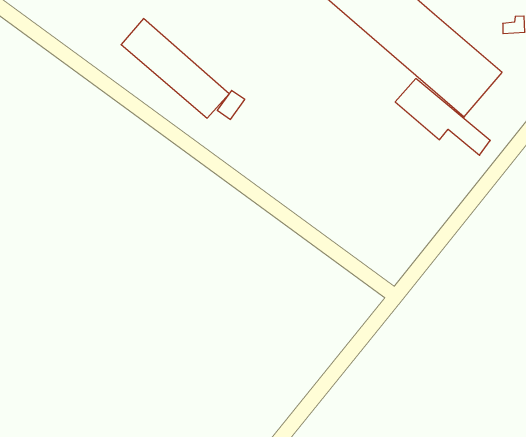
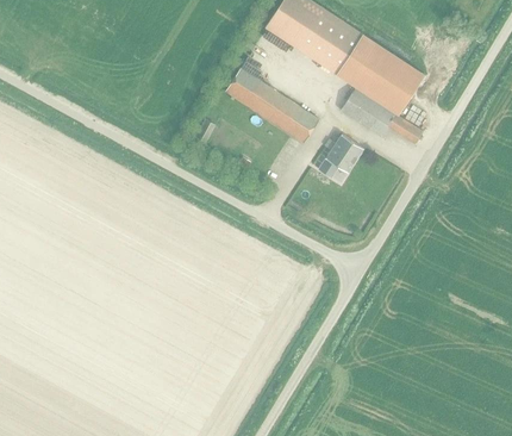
building: [121,19,229,118] -> [224,67,318,142]
building: none -> [324,133,362,173]

